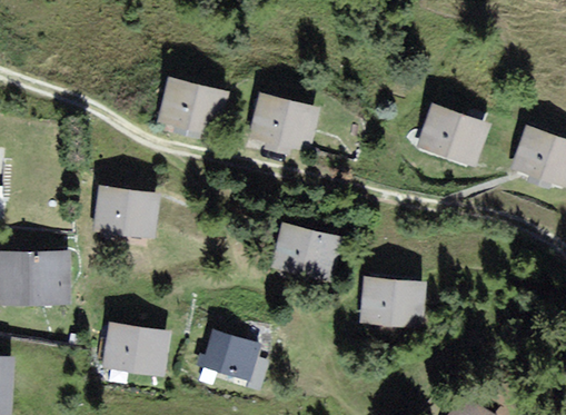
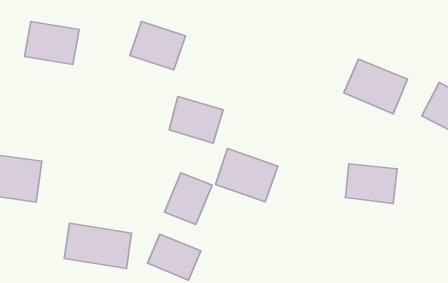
building: [251,96,314,148] -> [169,97,223,143]
building: [93,187,156,235] -> [25,21,79,65]
building: none -> [165,173,212,225]
building: [364,284,423,327] -> [346,164,397,203]

